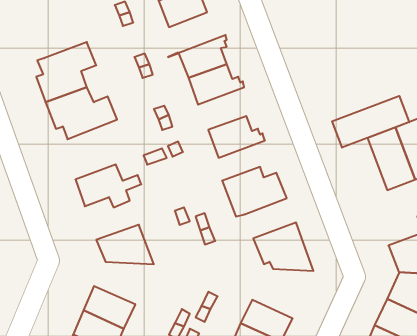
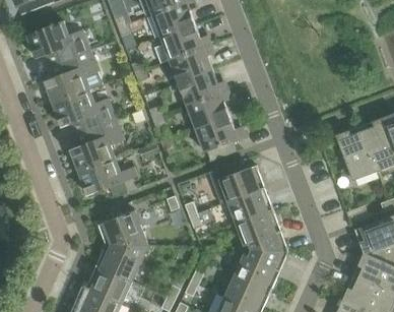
building: none -> [27,21,89,67]
building: none -> [154,24,211,64]
building: none -> [187,90,229,128]
building: [332,96,409,148] -> none
building: none -> [70,119,124,172]
building: none -> [227,188,273,224]
building: none -> [95,244,148,282]
building: none -> [235,250,288,294]

